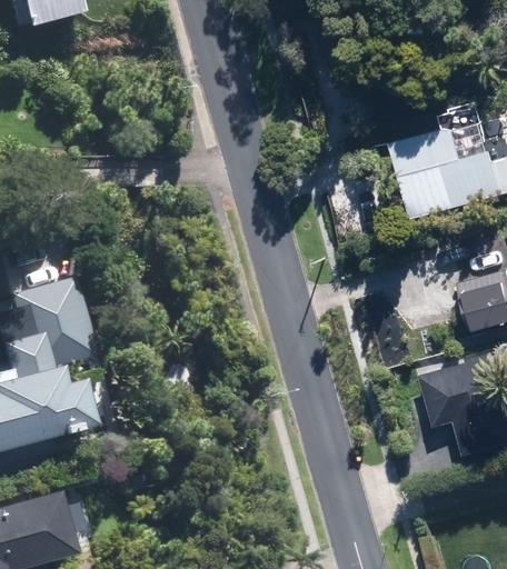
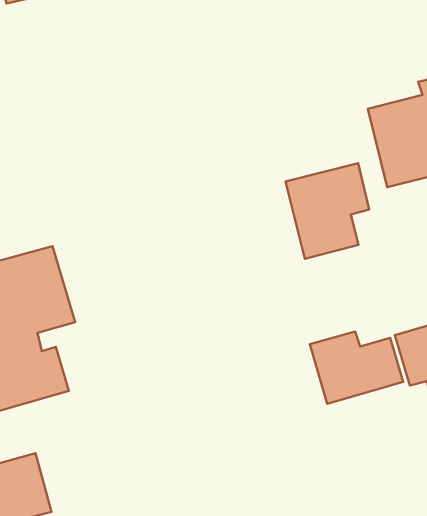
building: none -> [286,163,369,259]
building: none -> [310,331,403,404]

